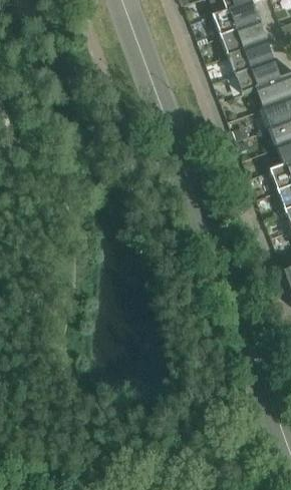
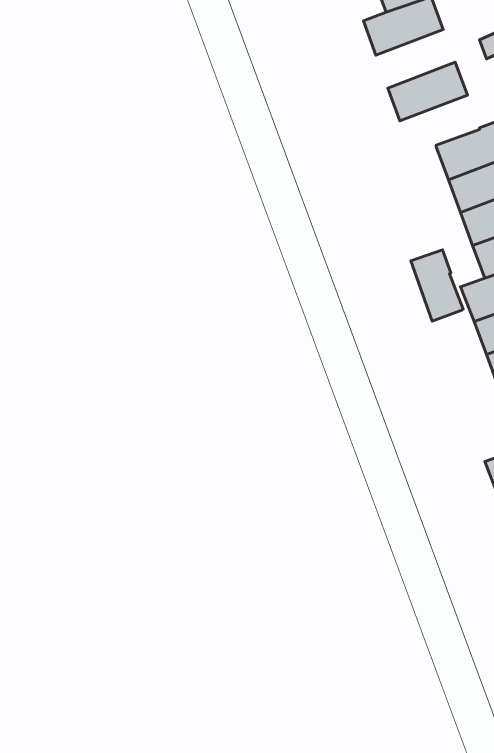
building: [221,19,267,53] -> none
building: [235,57,281,92] -> none
building: none -> [411,250,463,321]

